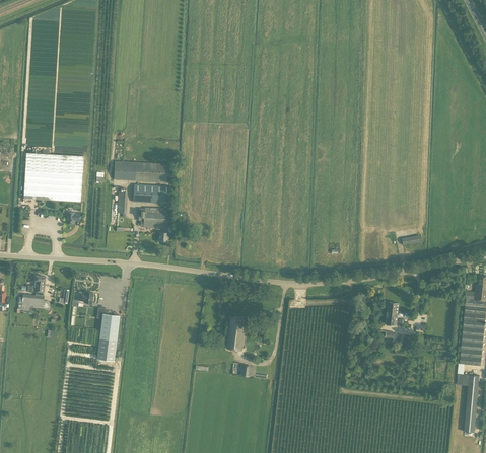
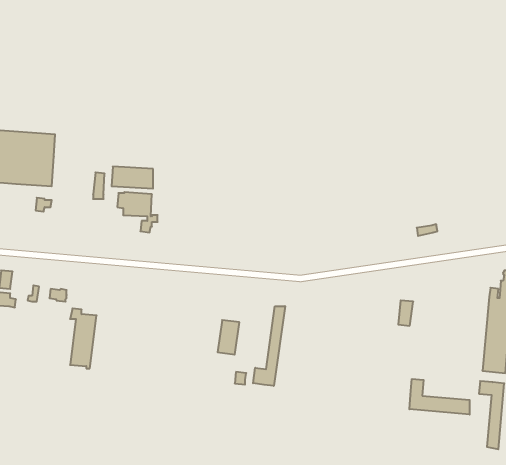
building: [114,160,171,182] -> none
building: none -> [253,306,285,386]
building: none -> [409,379,470,415]

